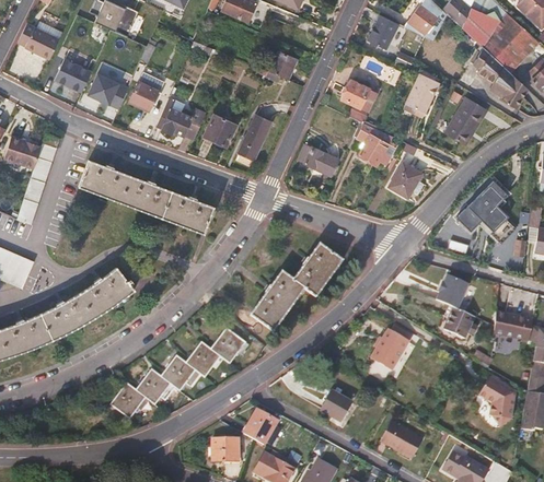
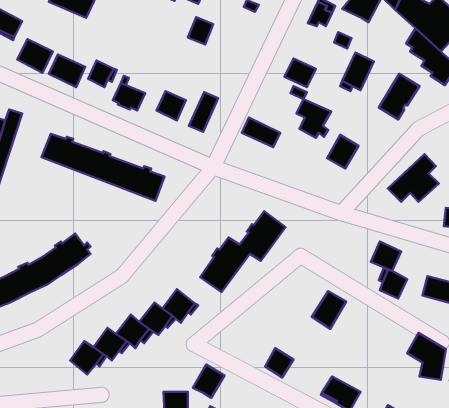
building: [269,50,297,80] -> [188,17,213,44]

